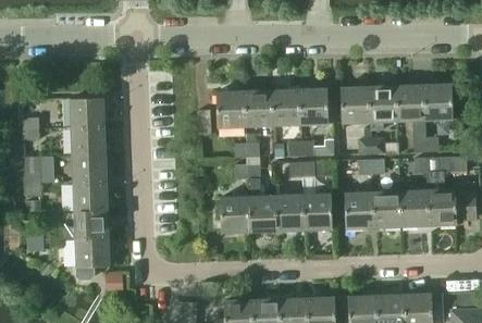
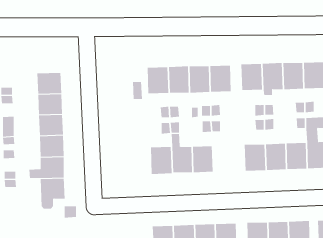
building: [302,195,332,231] -> none

